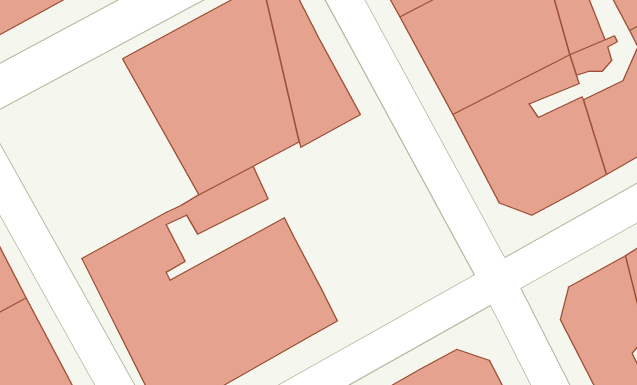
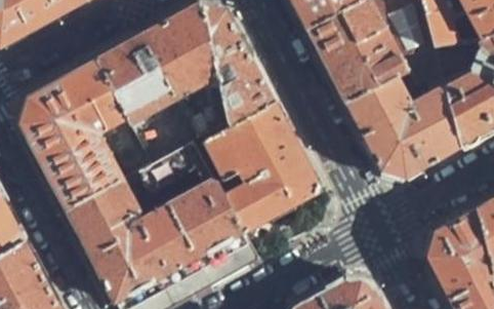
building: none -> [19,59,154,209]
building: none -> [206,101,322,230]

